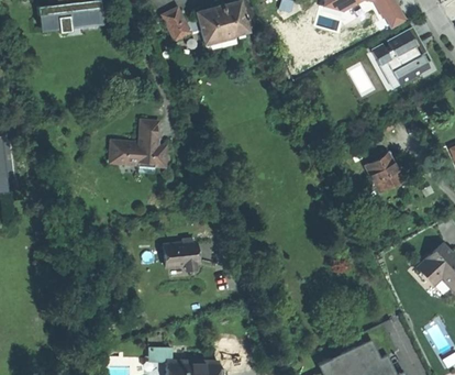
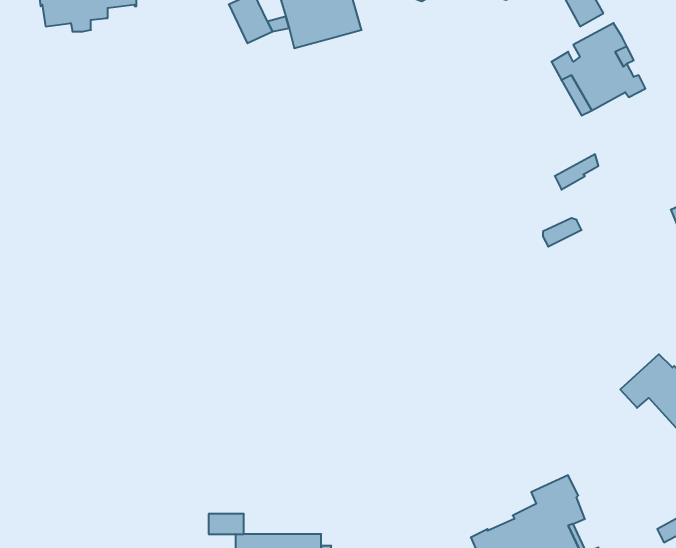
building: [111,120,167,166] -> none
building: [370,163,401,191] -> none
building: [163,242,198,269] -> none

